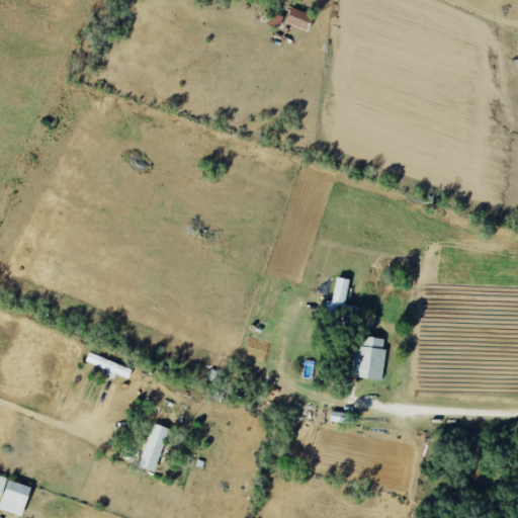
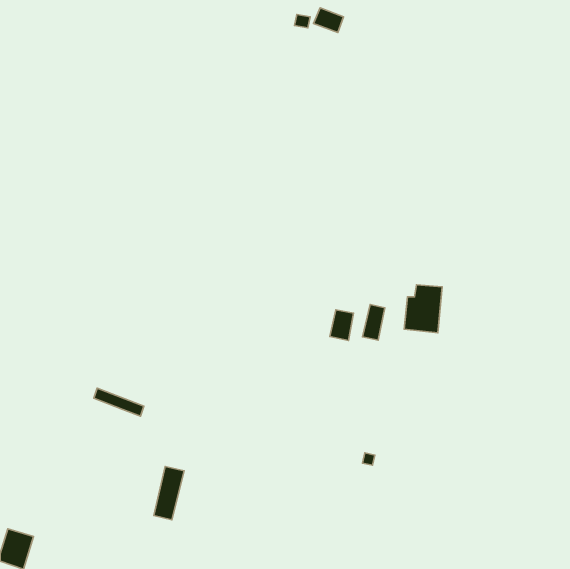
building: none -> [330,310,353,340]
building: [351,336,385,379] -> [404,285,442,333]

